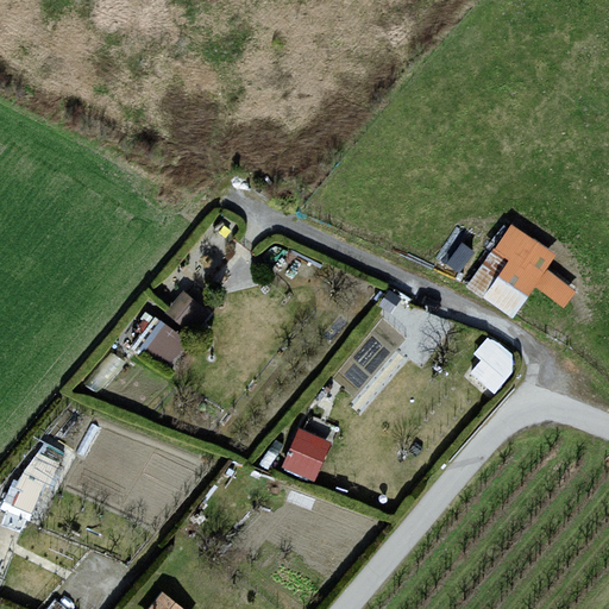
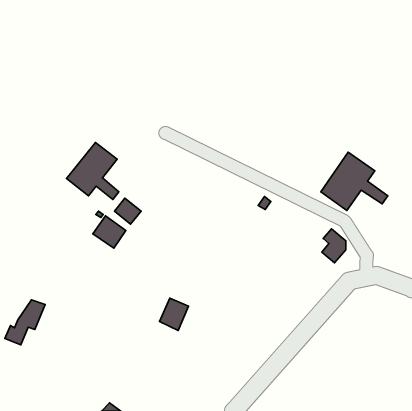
building: none -> [67,143,119,199]
building: [285,429,328,477] -> [159,298,189,330]

